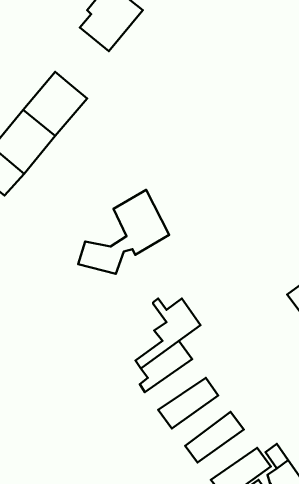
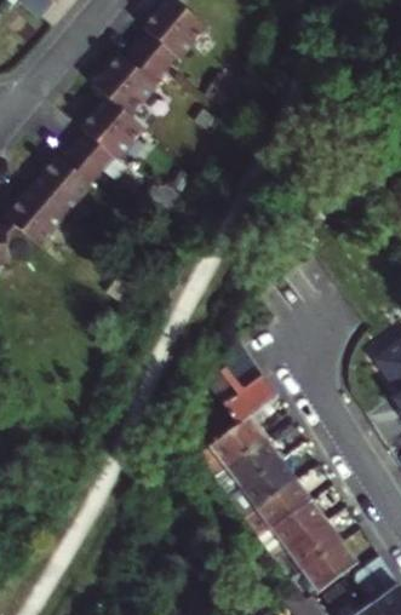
building: none -> [91,46,164,116]
building: [78,190,169,274] -> none
building: none -> [210,436,281,495]
building: none -> [241,478,310,538]
building: none -> [271,518,342,577]

